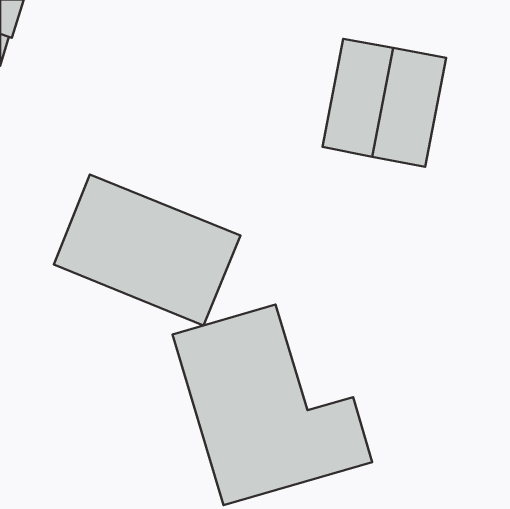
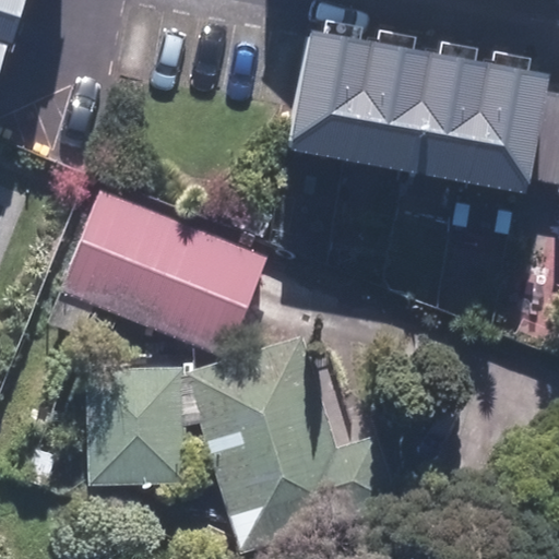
building: none -> [287,31,376,160]
building: none -> [465,63,549,194]
building: none -> [86,365,180,484]

